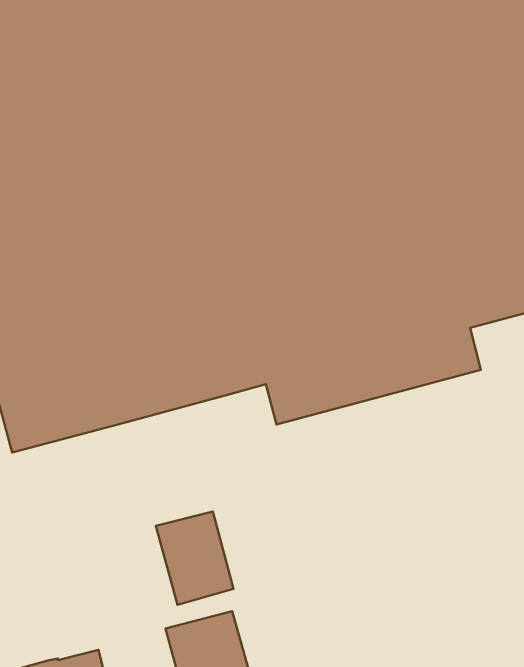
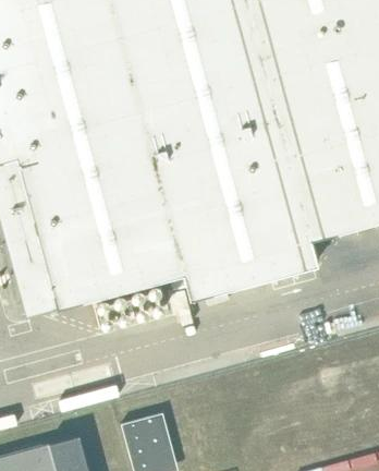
building: [156,512,234,605] -> none

